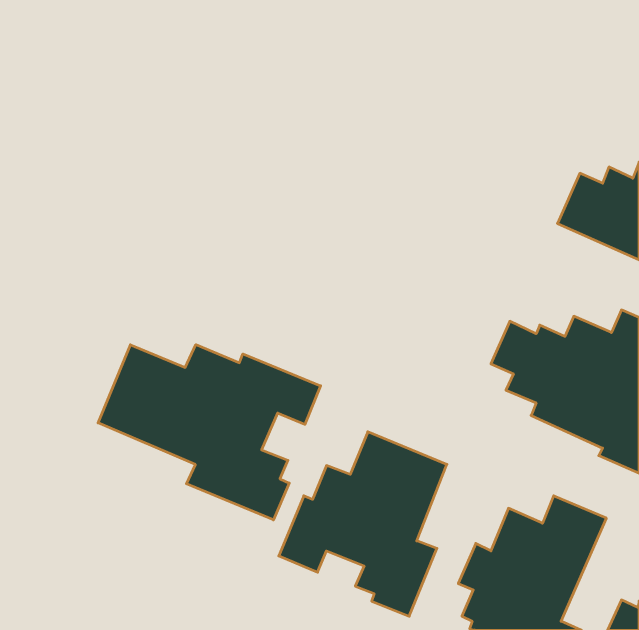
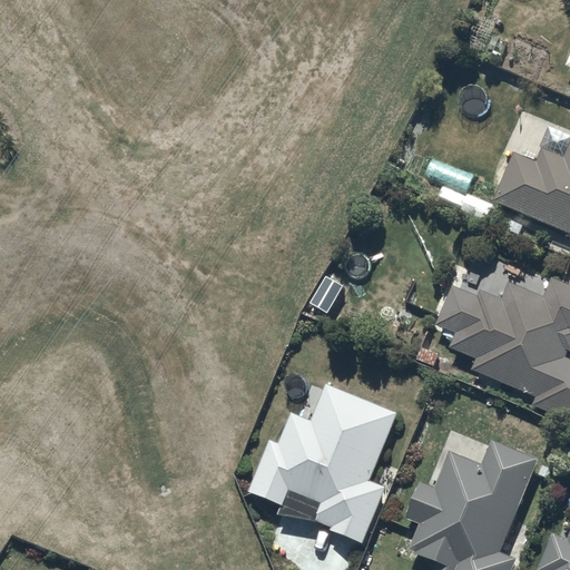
building: [98,345,321,520] -> none

